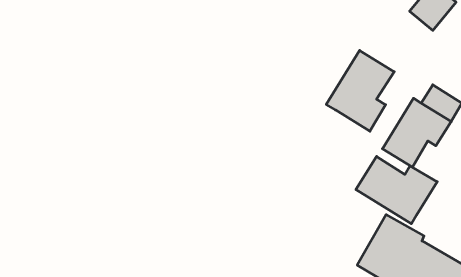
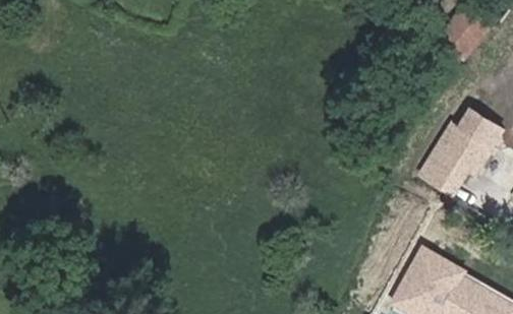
building: [326,50,394,131] -> none
building: [356,156,437,224] -> none

